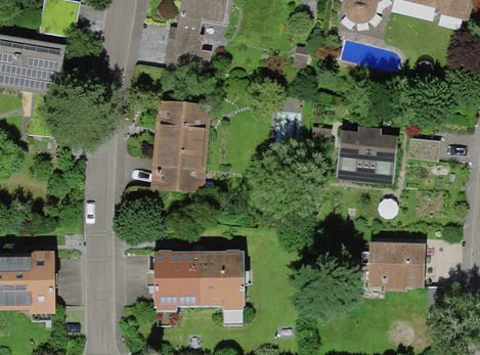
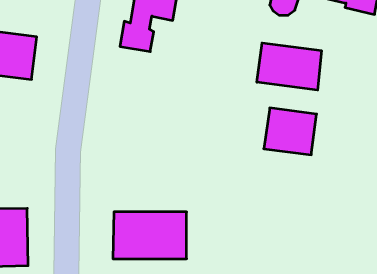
building: none -> [257,43,321,90]
building: [154,102,210,191] -> none
building: [369,242,427,292] -> none

